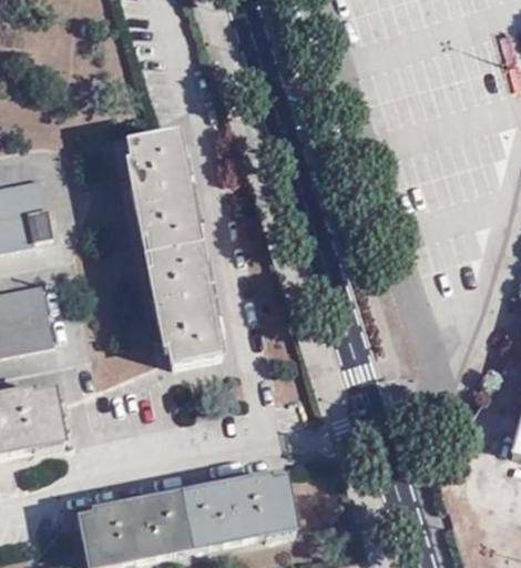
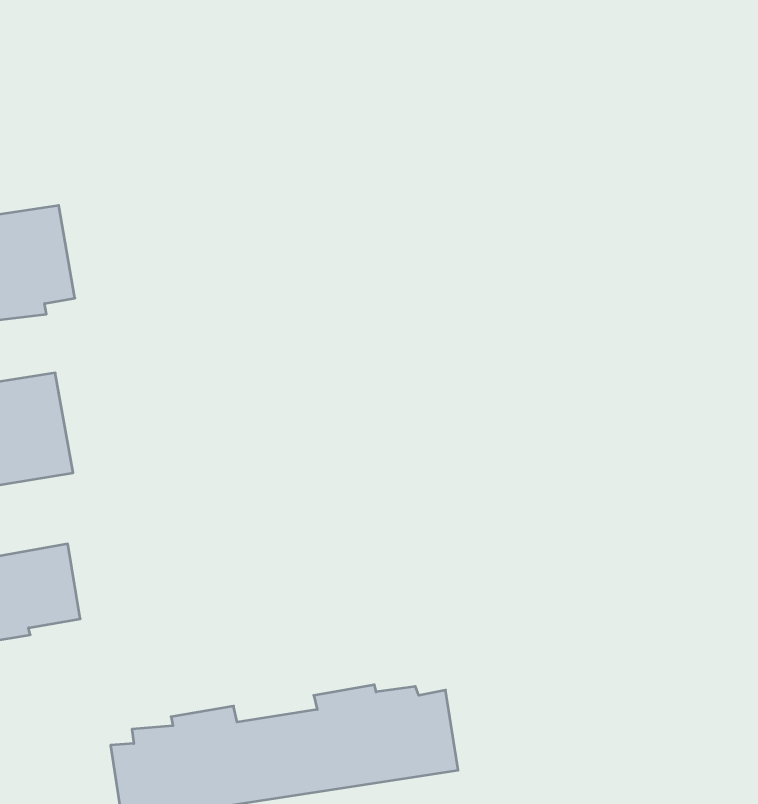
building: [127,138,223,372] -> none

